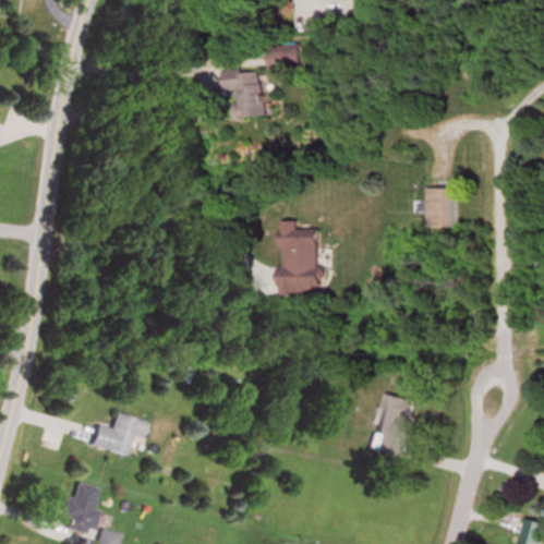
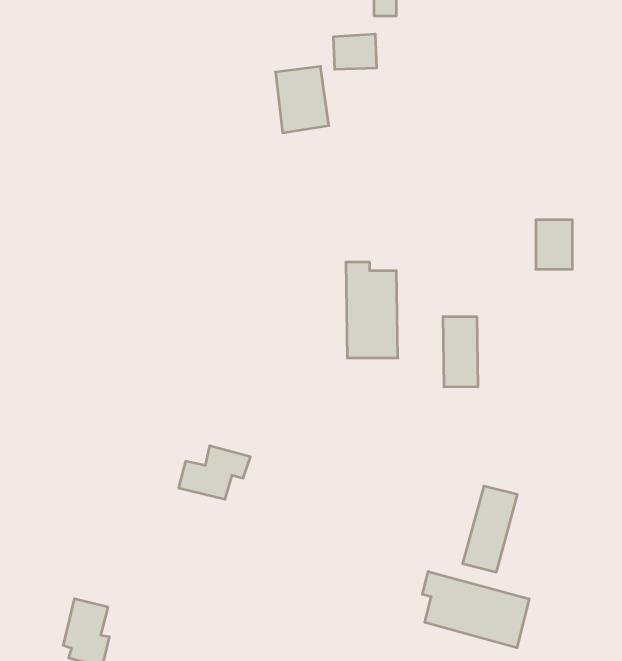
building: none -> [443,316,478,387]
building: [86,413,142,455] -> [179,446,250,499]
building: none -> [422,571,529,648]

